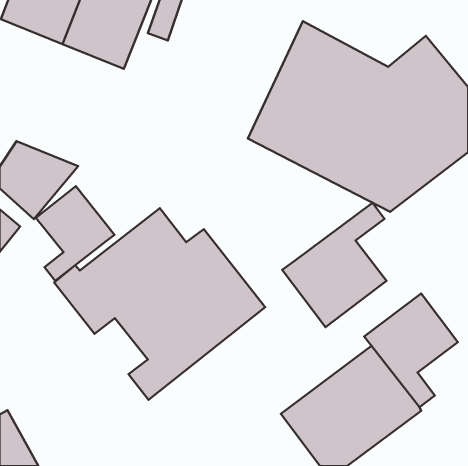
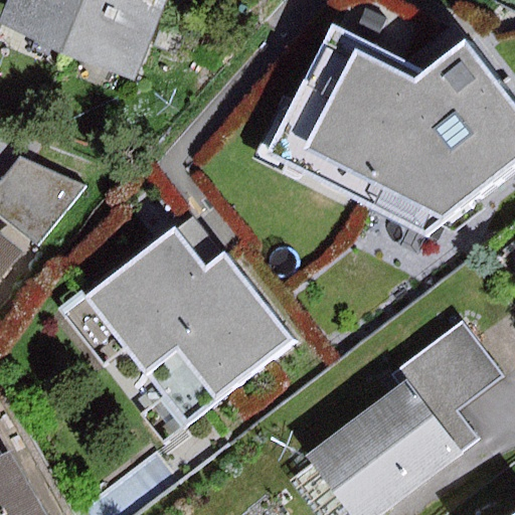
building: [36,186,115,281] -> none
building: [282,203,386,327] -> none

